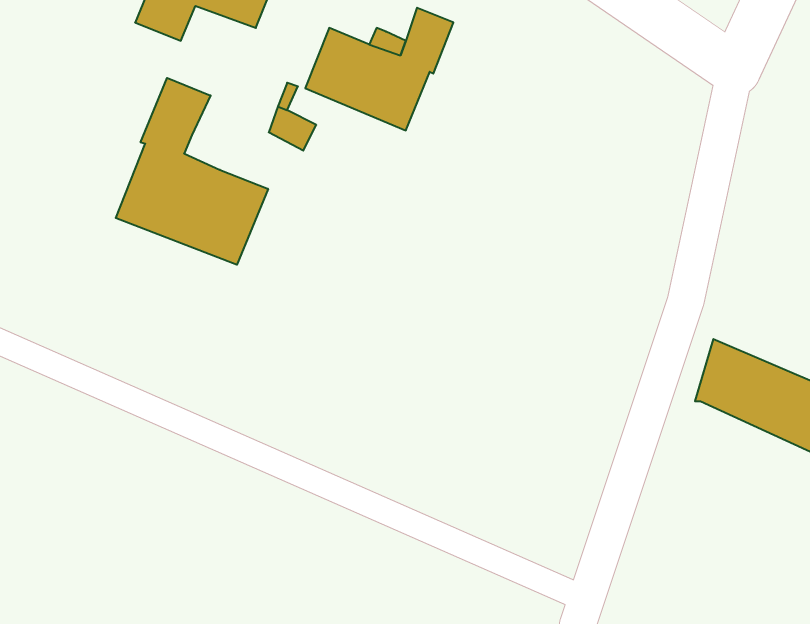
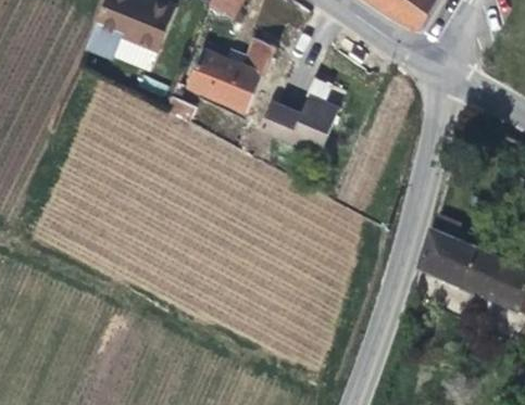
building: none -> [259,77,337,153]
building: [116,78,268,265] -> none

